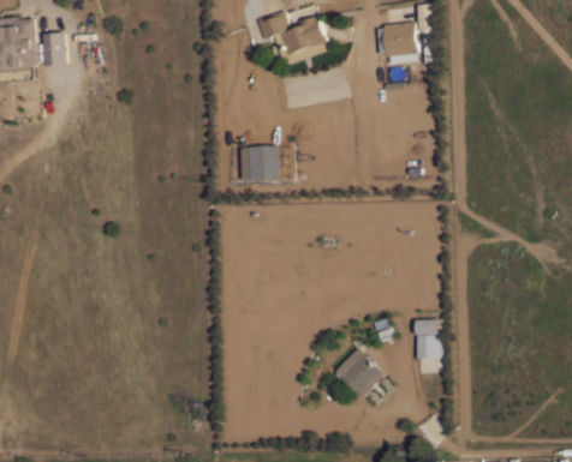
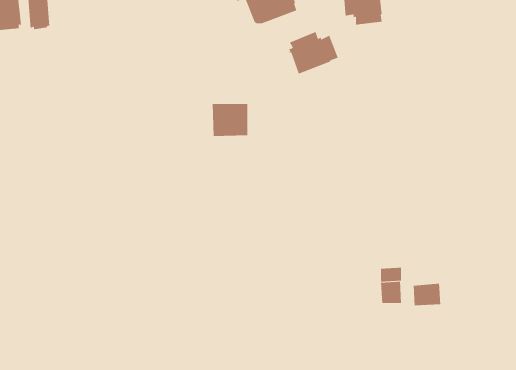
building: none -> [289,31,338,75]
building: none -> [413,283,441,306]
building: [335,349,383,397] -> none

